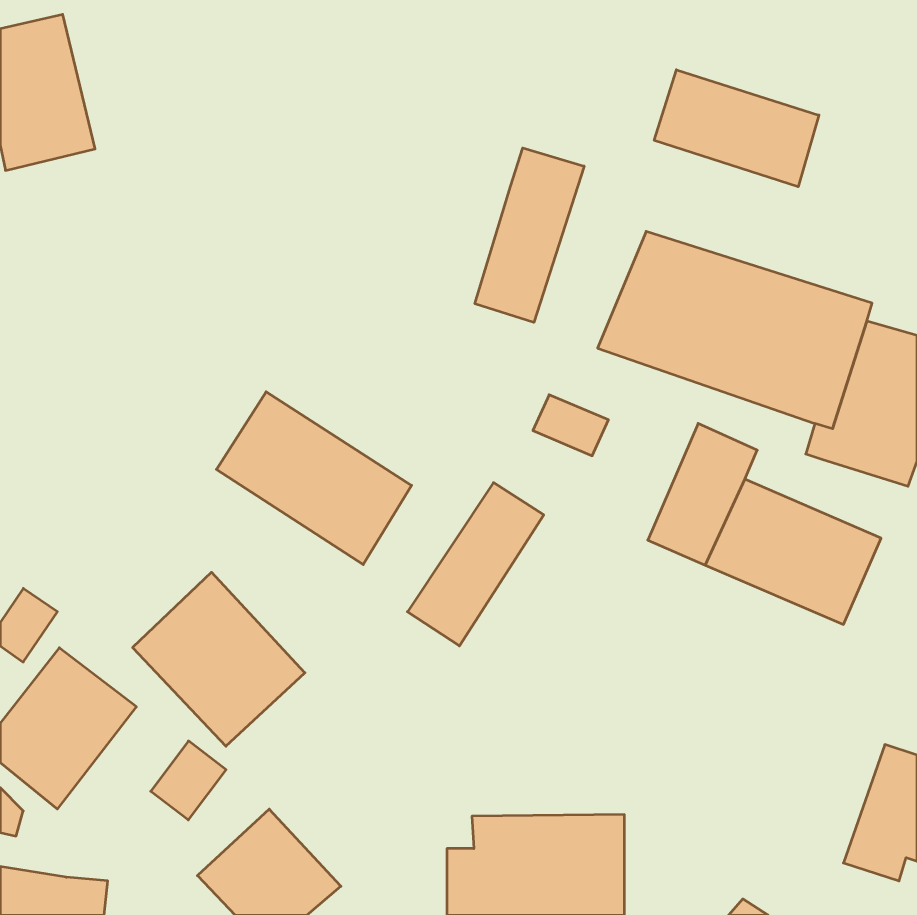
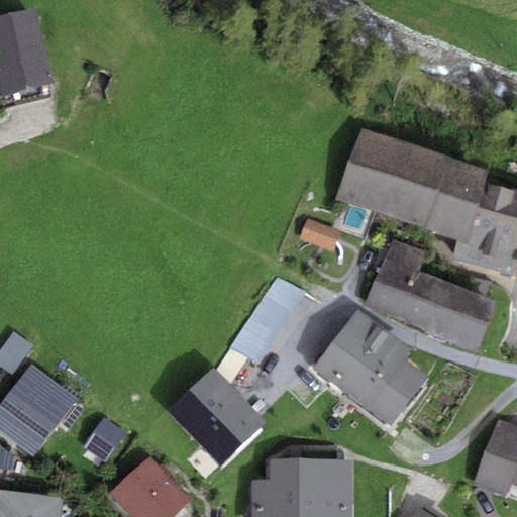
building: [654,70,819,187] -> none
building: [475,148,584,322] -> none
building: [216,392,412,565] -> none
building: none -> [313,309,428,426]
building: [133,572,305,746] -> [169,367,266,464]

